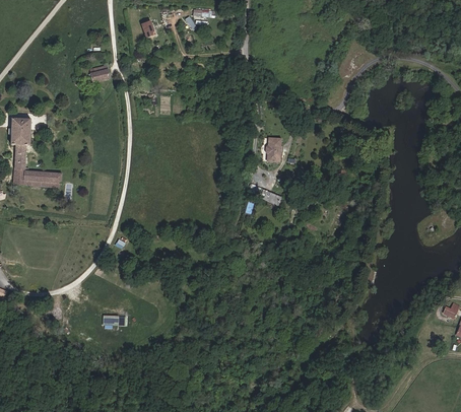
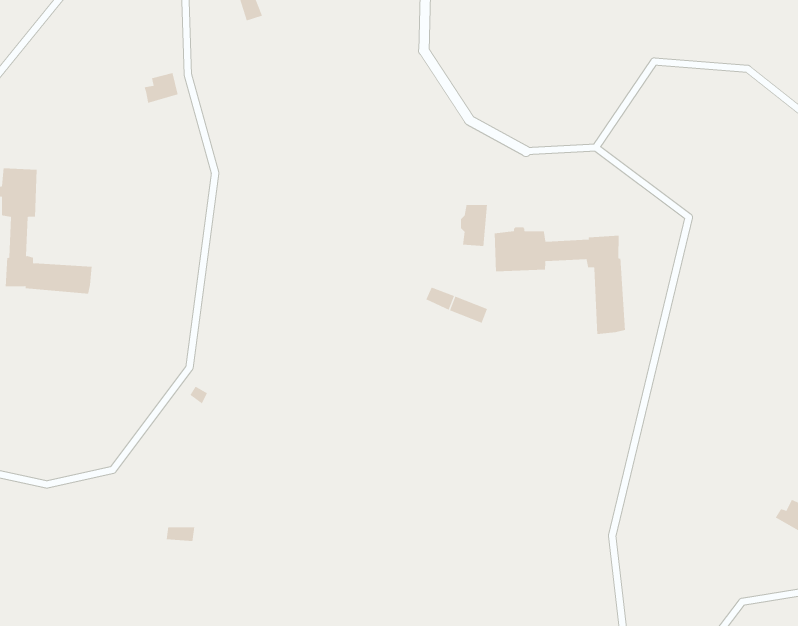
building: none -> [494,226,626,335]

